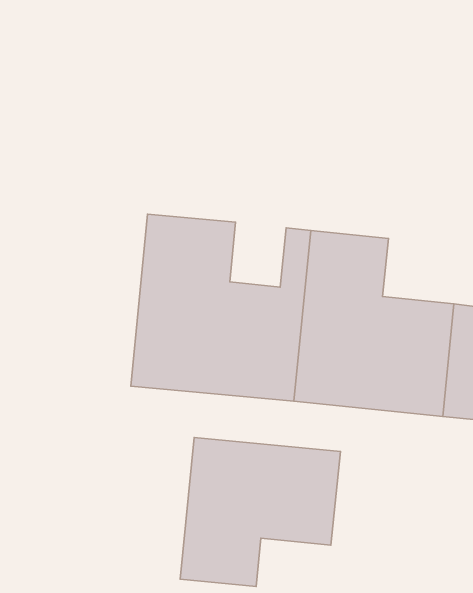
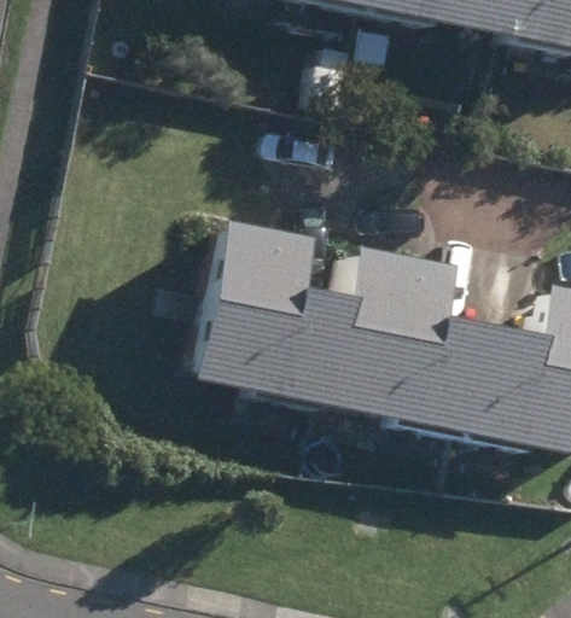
building: [180,437,340,587] -> none

